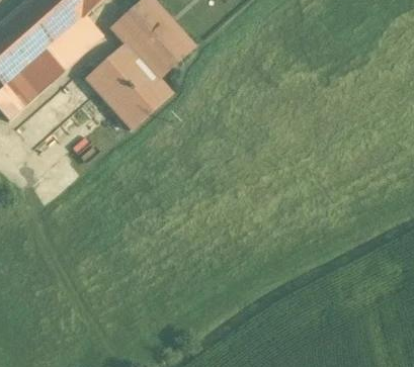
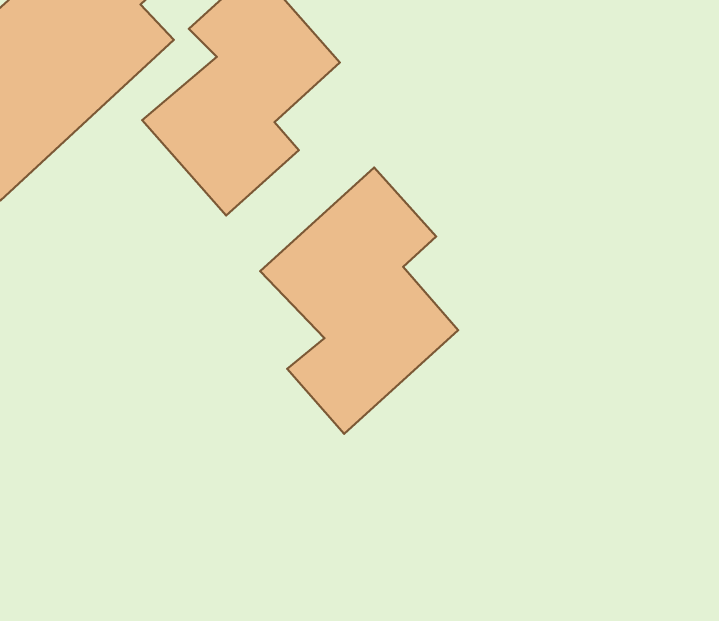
building: none -> [260,167,458,434]

